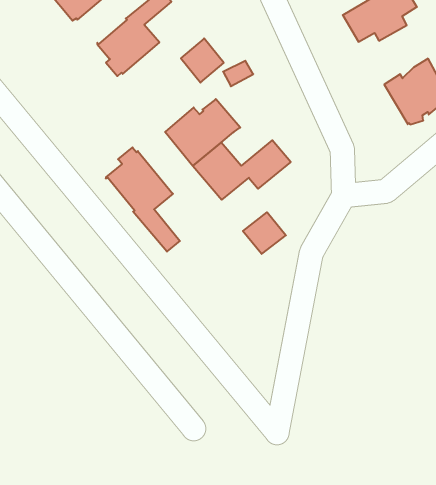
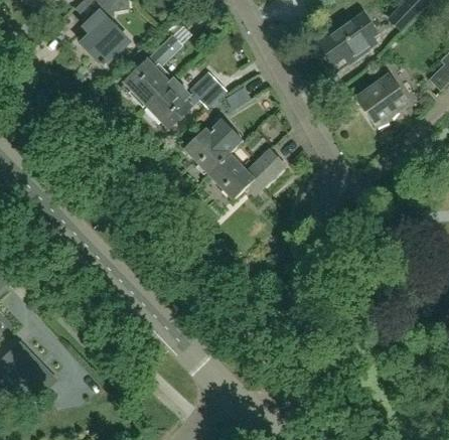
building: none -> [145,78,197,129]
building: [106,147,180,252] -> none
building: [243,212,286,254] -> none

